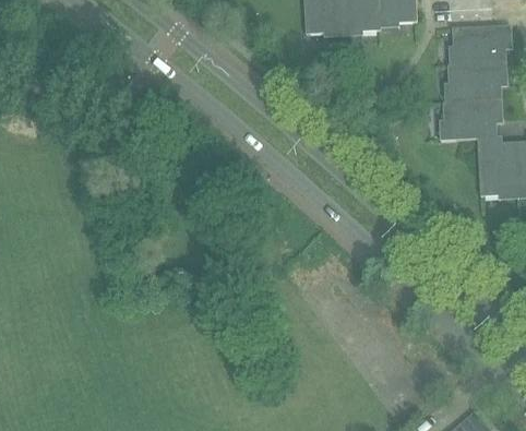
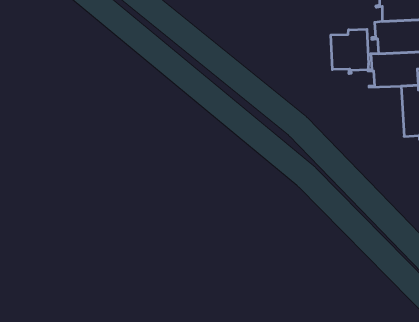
building: none -> [331,29,368,74]

